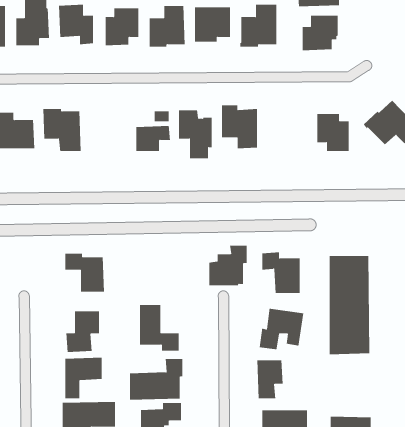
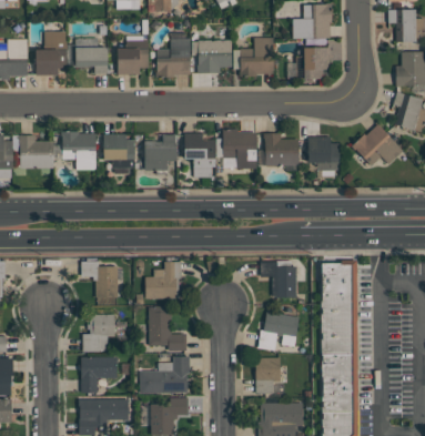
building: none -> [104,133,134,168]
building: none -> [264,133,298,165]
building: [208,245,248,286] -> [145,262,181,298]
building: none -> [321,353,360,410]

